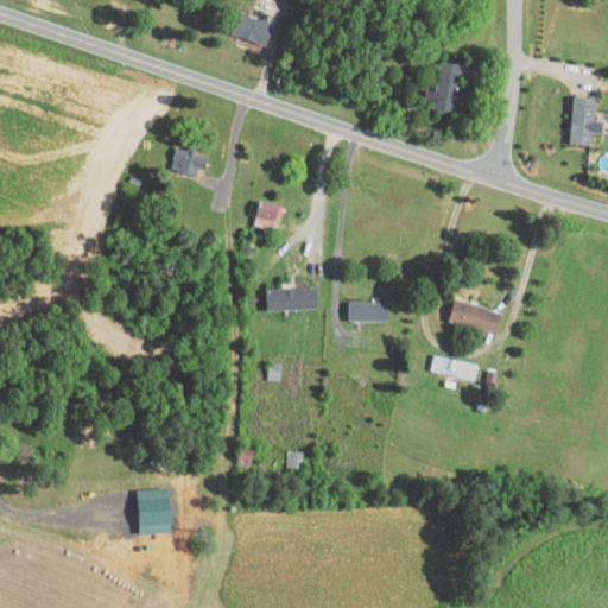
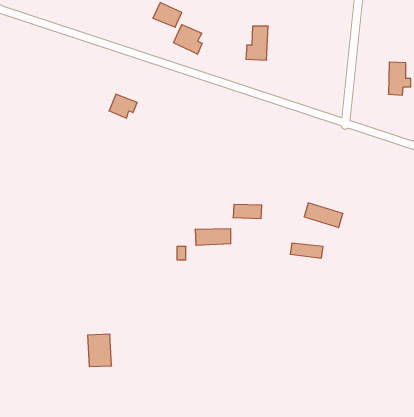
building: none -> [173,25,202,54]
building: [428,63,460,112] -> [246,26,268,60]
building: [252,200,281,230] -> none
building: [265,287,316,311] -> [195,229,231,245]

